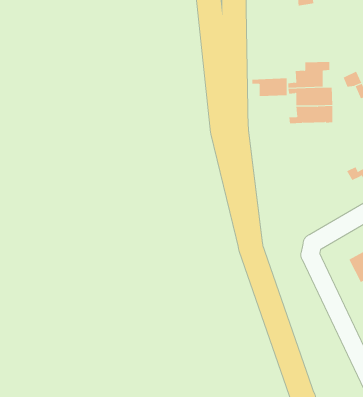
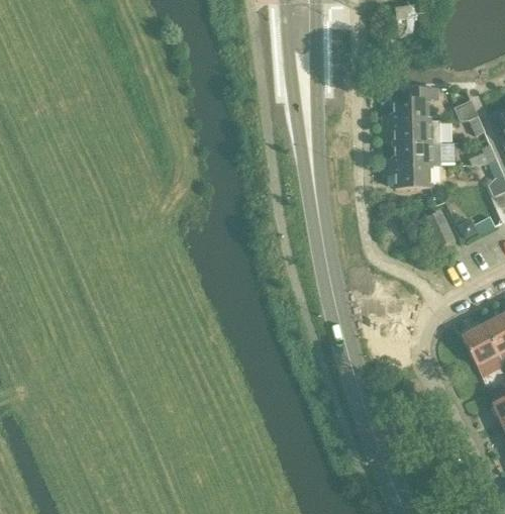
building: [251,78,288,96] -> [388,165,433,188]
building: none -> [425,211,456,247]

